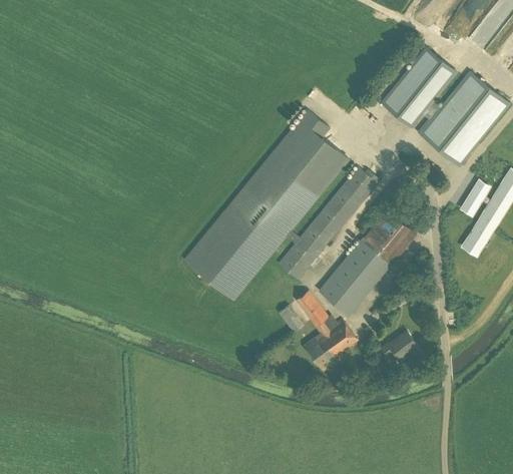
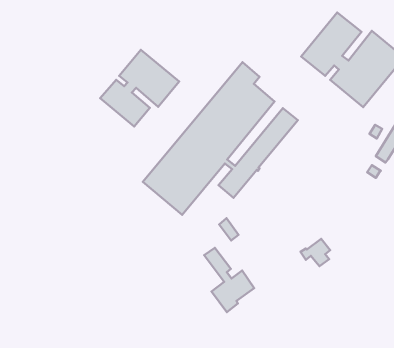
building: none -> [100,50,179,126]
building: [318,209,415,317] -> none
building: [295,291,357,371] -> [204,248,254,312]

